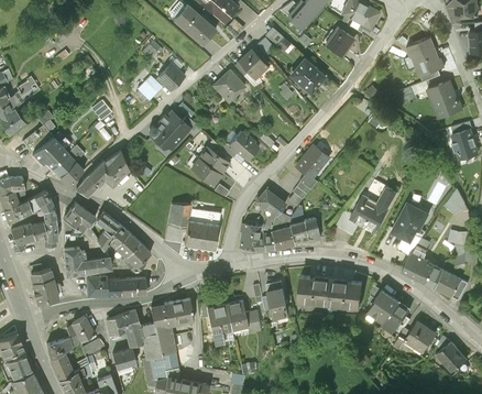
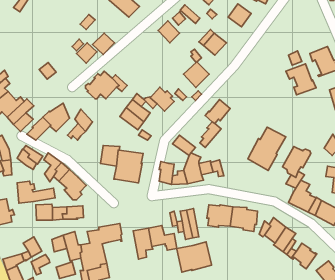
building: [406,36,443,75] -> [286,64,316,95]
building: [212,69,244,101] -> [184,62,209,88]
building: none -> [177,242,211,272]

